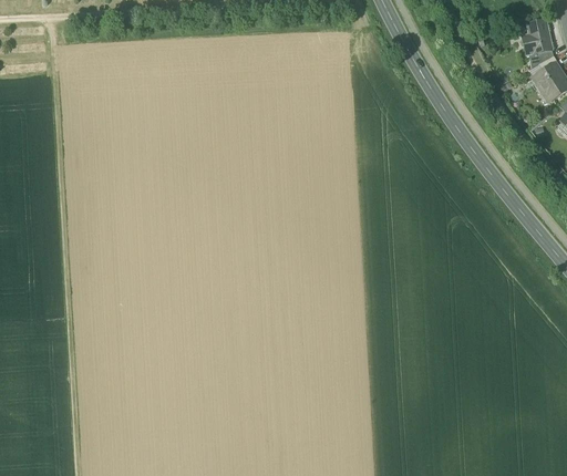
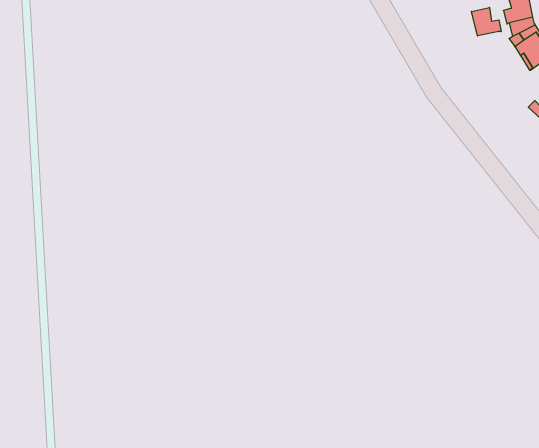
building: none -> [471,7,501,36]

